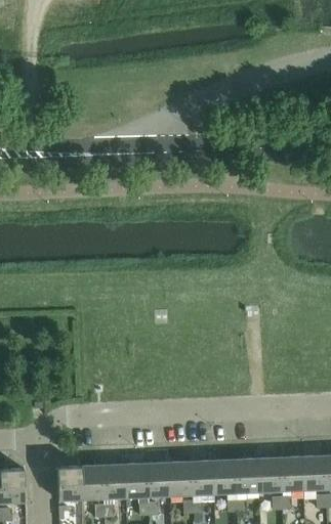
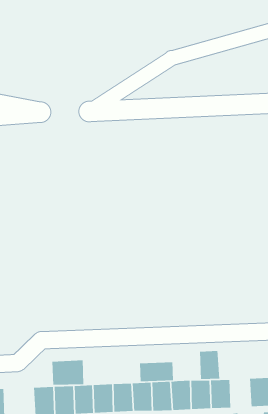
building: none -> [52,360,84,385]
building: none -> [139,361,174,382]
building: [282,457,305,491] -> [199,350,220,380]

